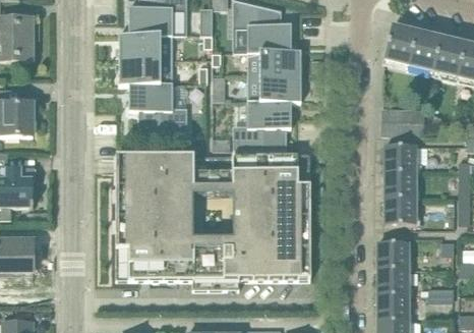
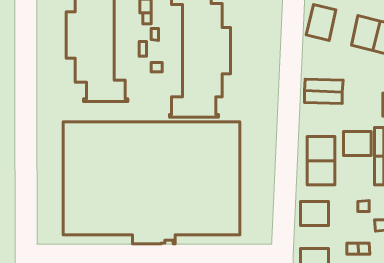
building: [409,32,440,70] -> none
building: [384,145,415,171] -> [344,131,371,155]
building: [377,269,414,294] -> none

